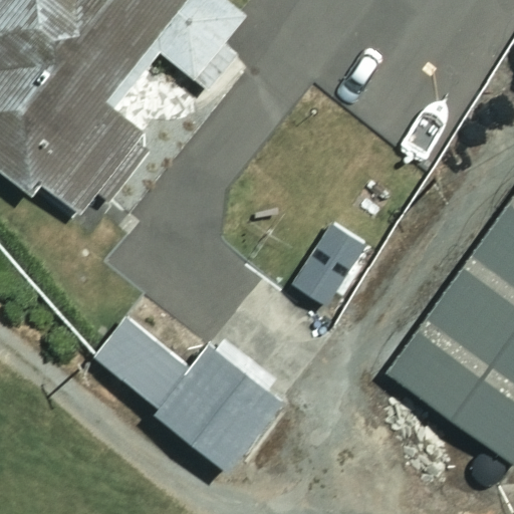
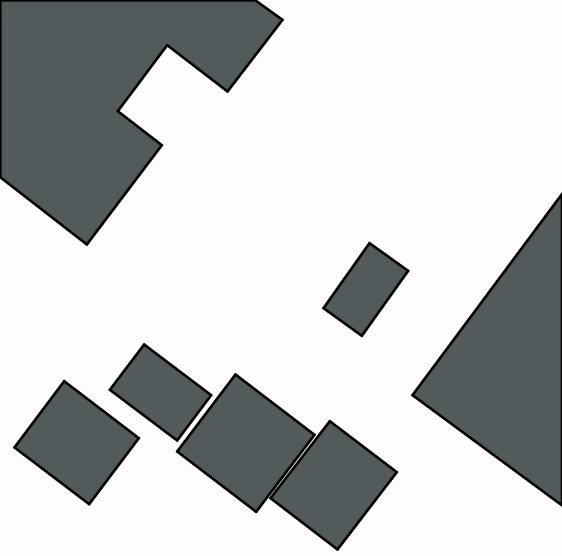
building: none -> [14,381,139,504]
building: none -> [271,421,397,549]

